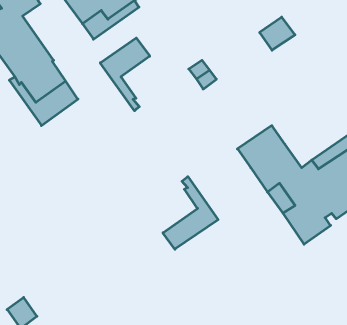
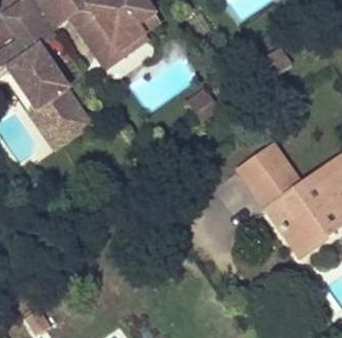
building: [100,38,150,111] -> none
building: [163,177,218,249] -> none

